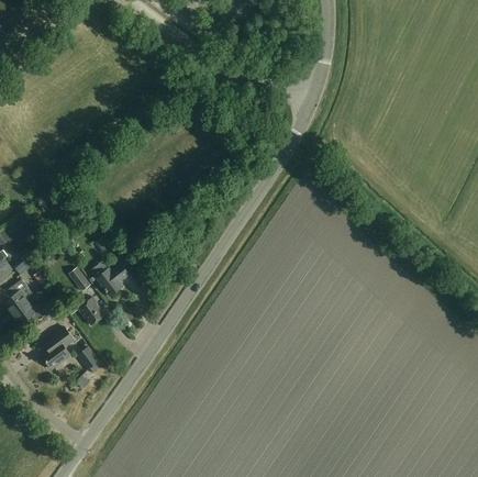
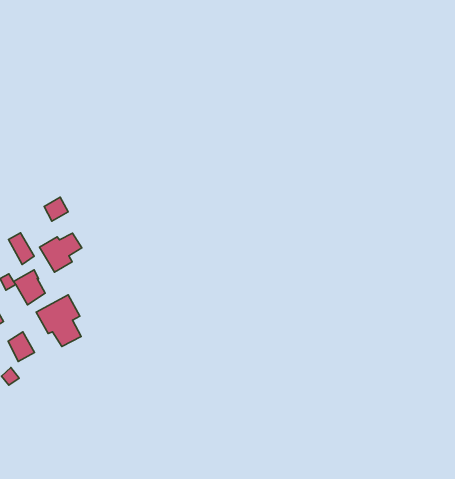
building: none -> [36,295,81,346]

